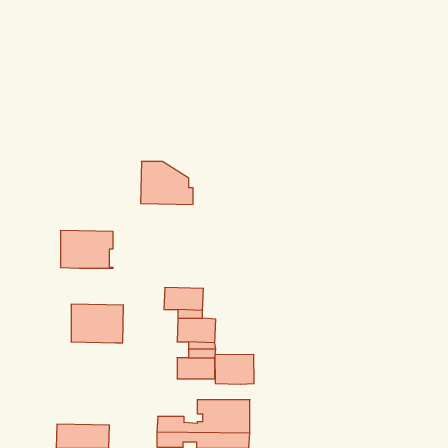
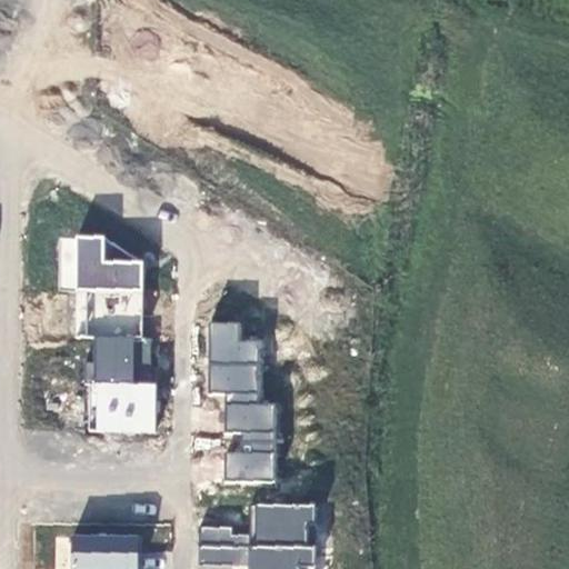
building: [141,161,193,204] -> [77,239,143,293]
building: none -> [209,322,259,366]
building: none -> [90,340,157,387]
building: [215,354,254,384] -> none

